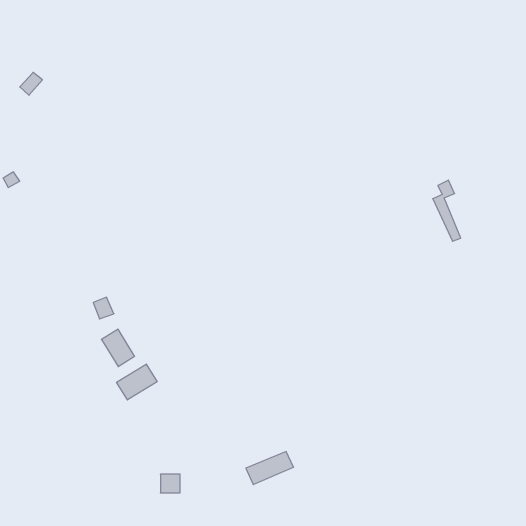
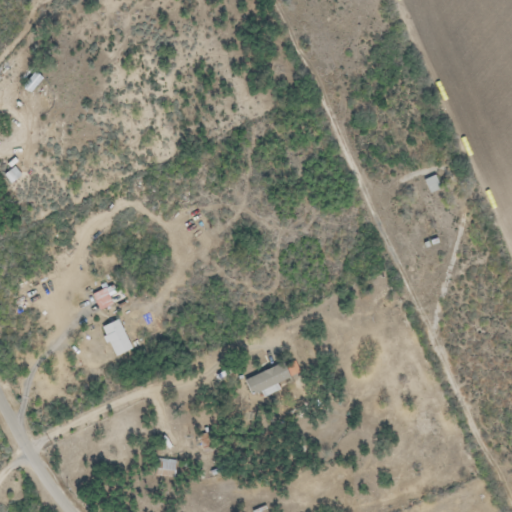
building: [117,364,157,400] -> none
building: [246,452,294,485] -> [245,362,291,394]

